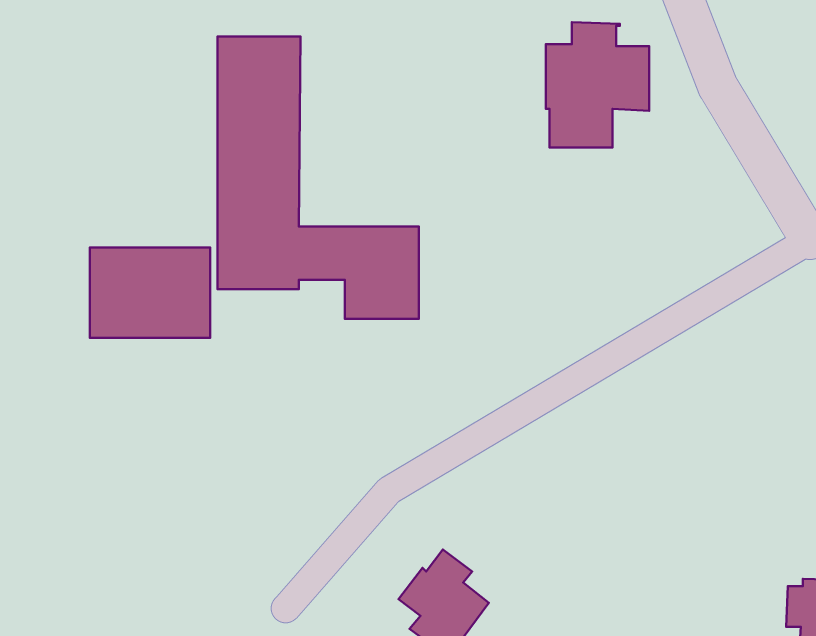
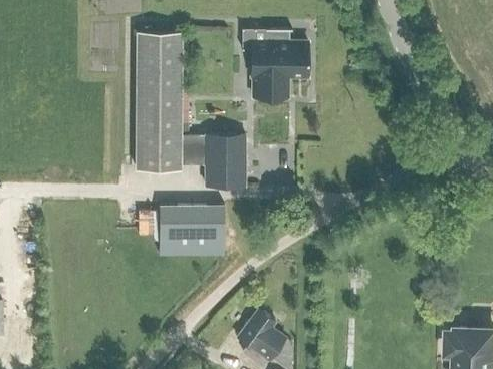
building: [546,22,649,148] -> [252,29,308,97]
building: [90,248,210,338] -> [160,206,225,255]

